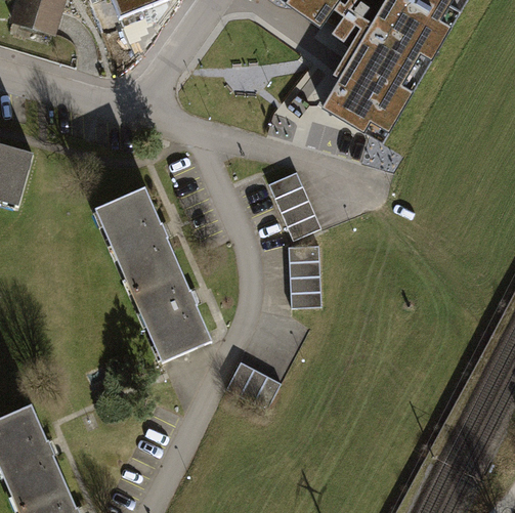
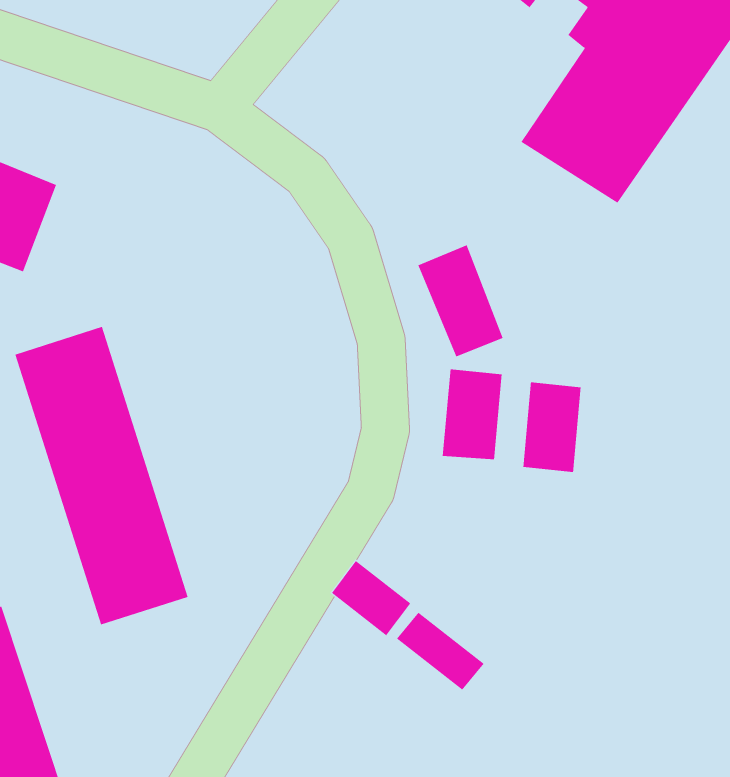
building: [96,184,210,362] -> [15,326,188,625]
building: none -> [523,381,581,473]
building: none -> [396,612,485,690]

